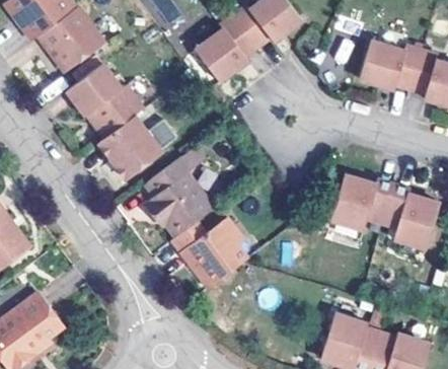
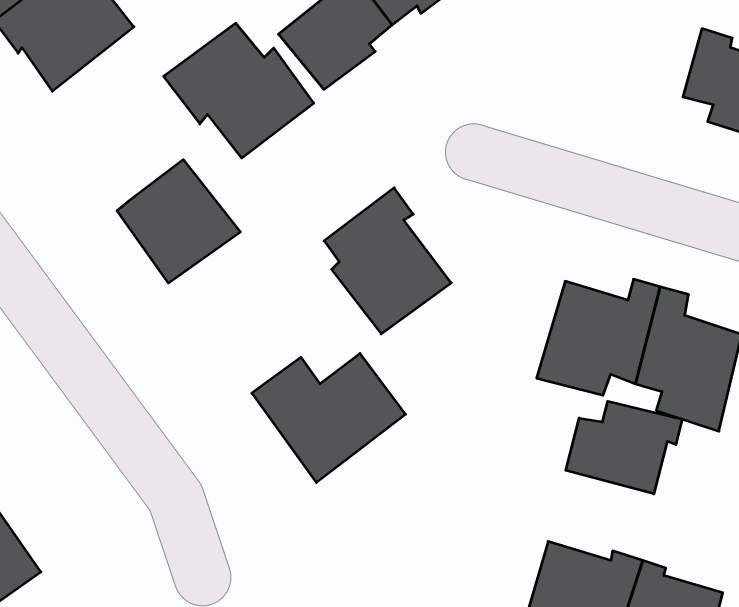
building: [355,33,415,83] -> none
building: [67,63,147,135] -> [164,23,314,158]
building: [148,156,216,234] -> [324,188,451,334]
building: none -> [566,401,682,494]

